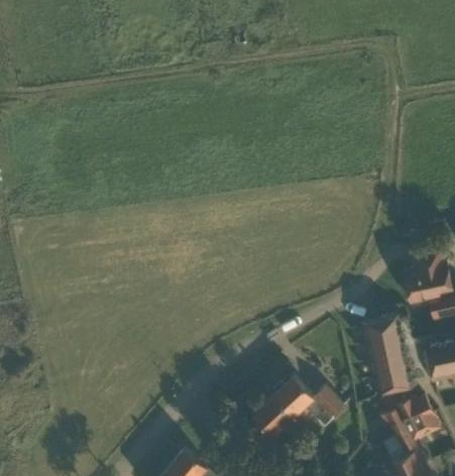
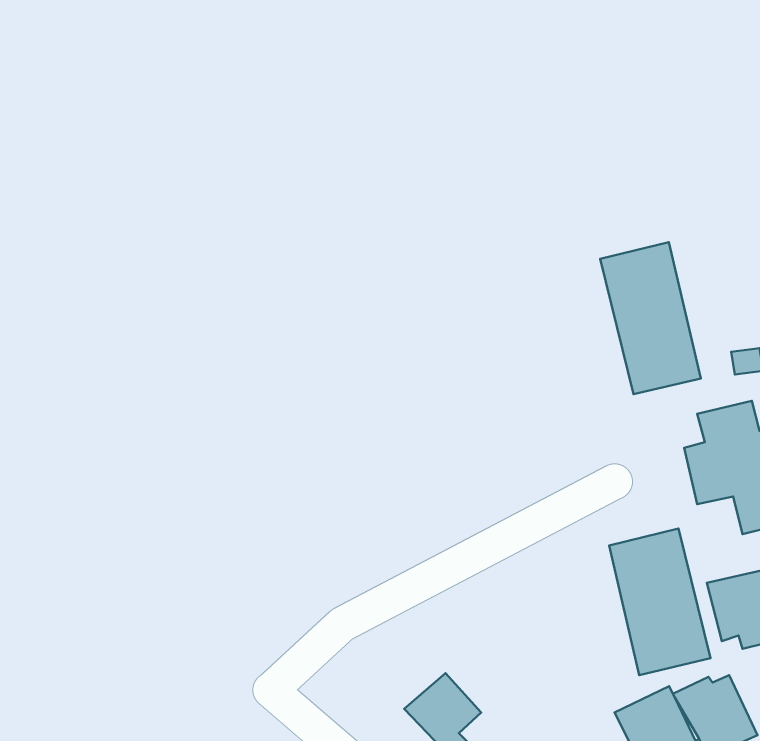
building: none -> [600,242,701,394]
building: [275,376,345,419] -> none

